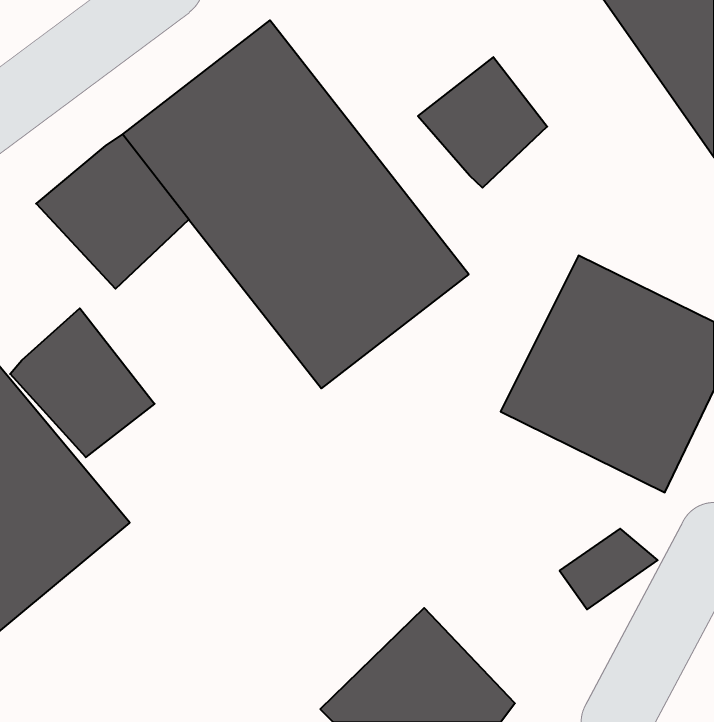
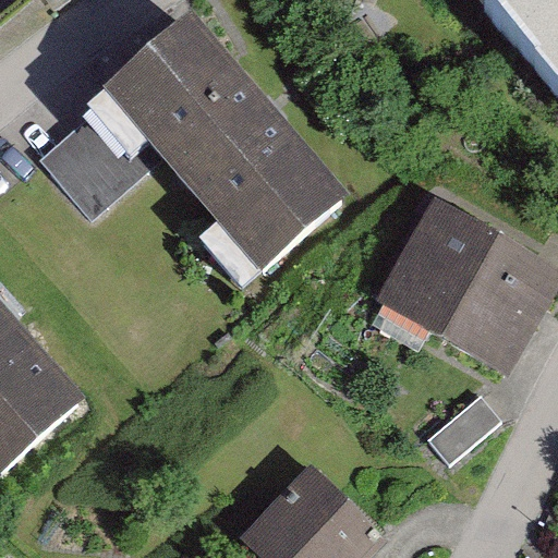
building: [418,57,547,188] -> none
building: [10,308,155,457] -> none

